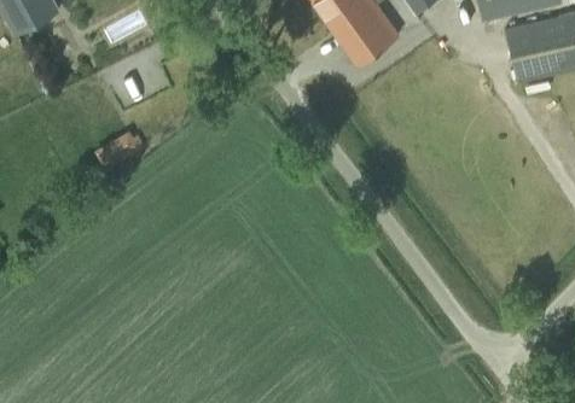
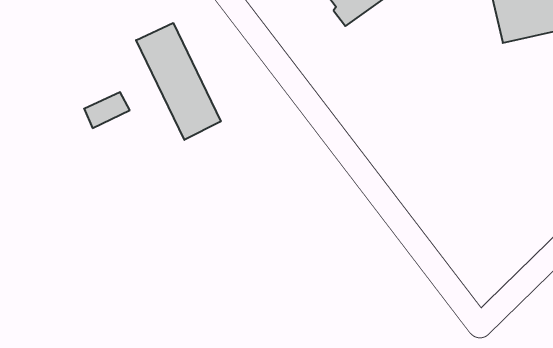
building: none -> [136,23,221,140]

